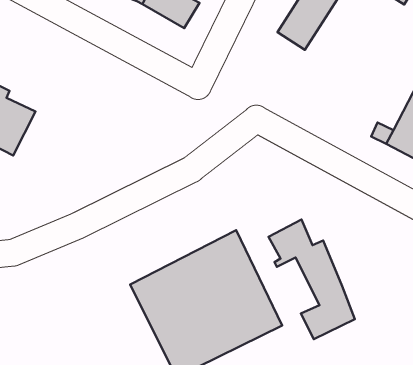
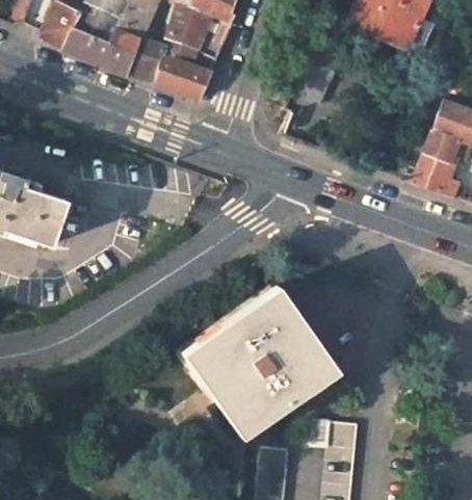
building: [269,219,355,339] -> none

